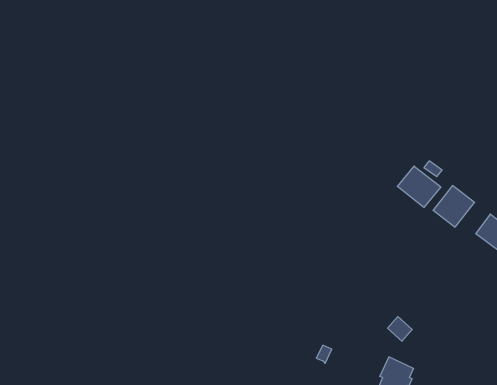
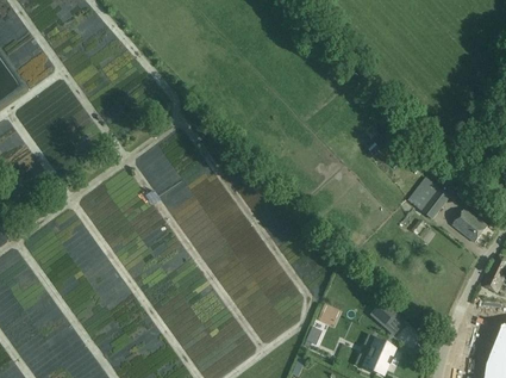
building: [397,166,441,207] -> none

